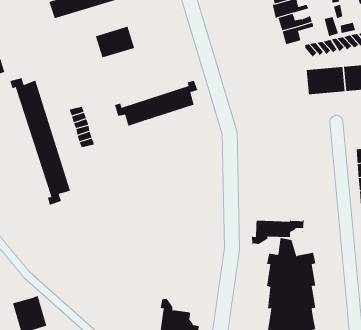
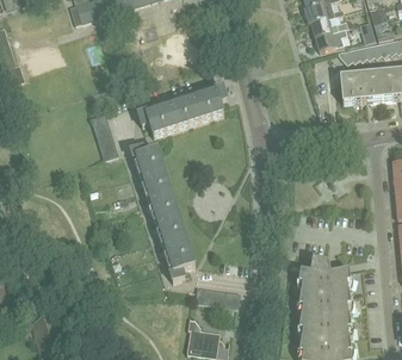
building: [95,26,135,58] -> none
building: [10,78,71,206] -> [130,147,194,281]
building: [252,218,304,245] -> none

